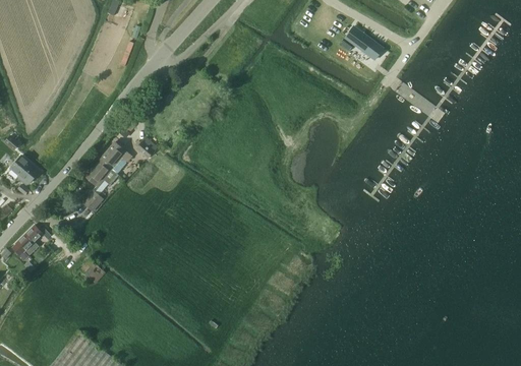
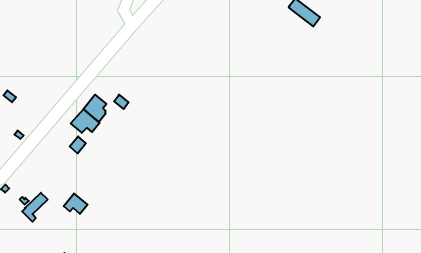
building: [9,156,40,185] -> none
building: [12,226,43,260] -> [22,193,48,222]

